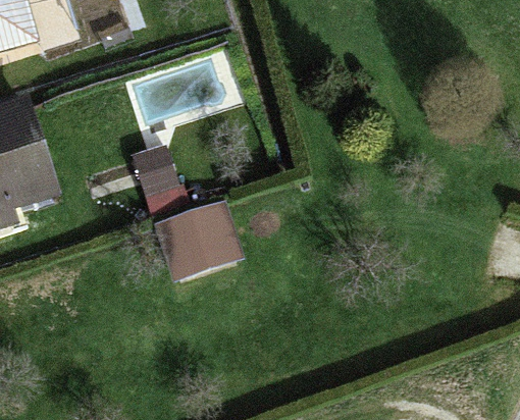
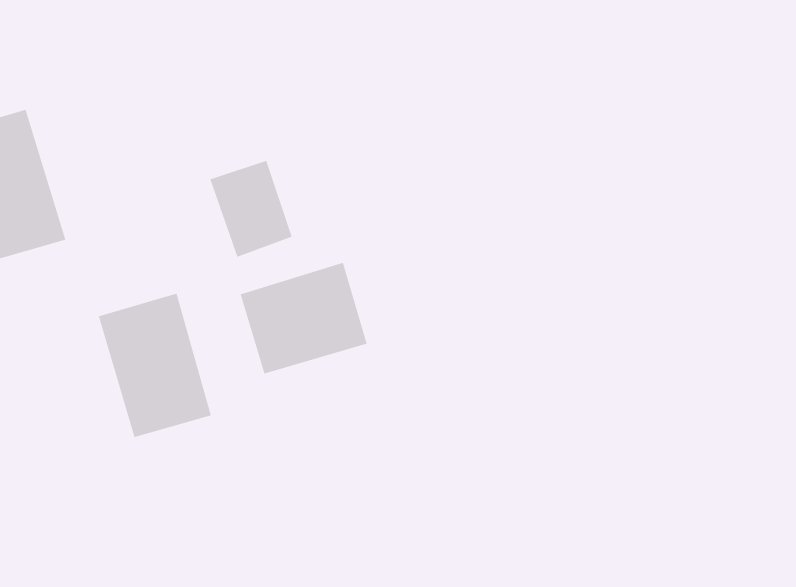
building: none -> [98,293,212,438]

